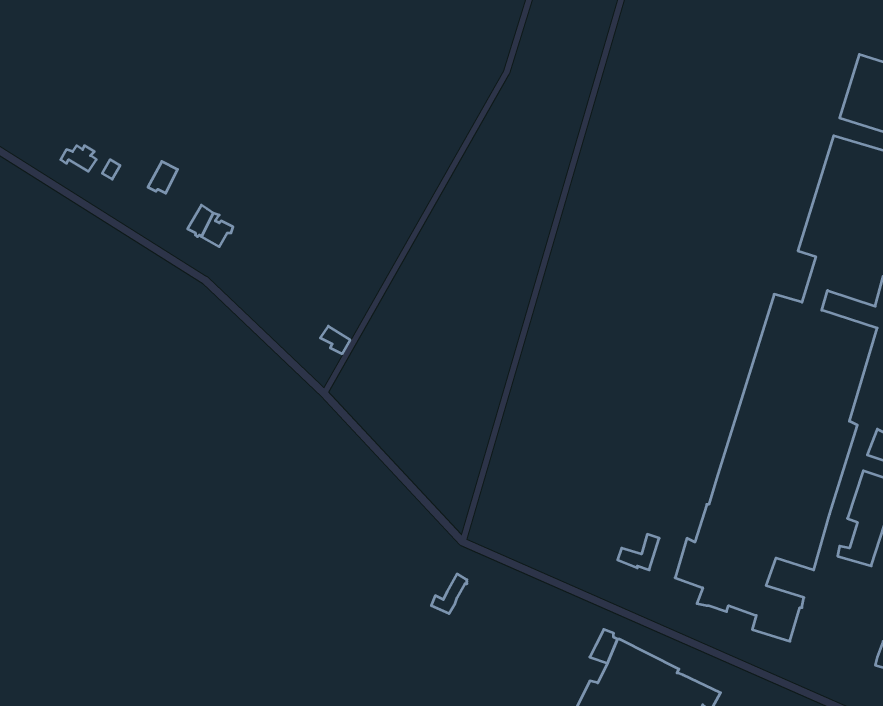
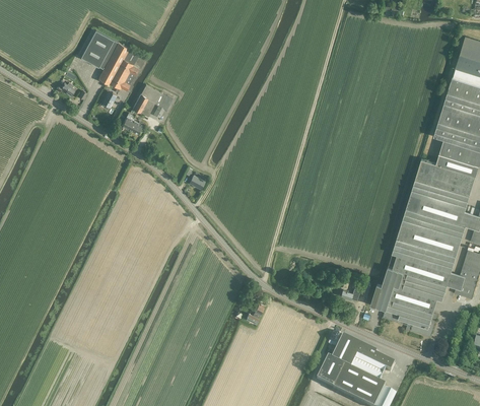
building: none -> [80,29,139,90]
building: none -> [133,84,173,117]

